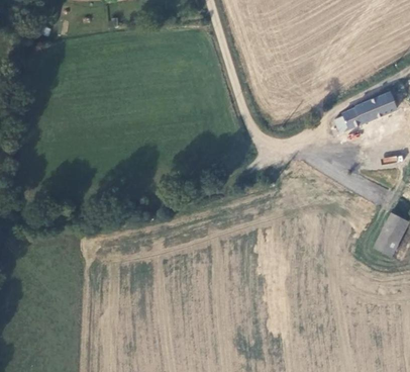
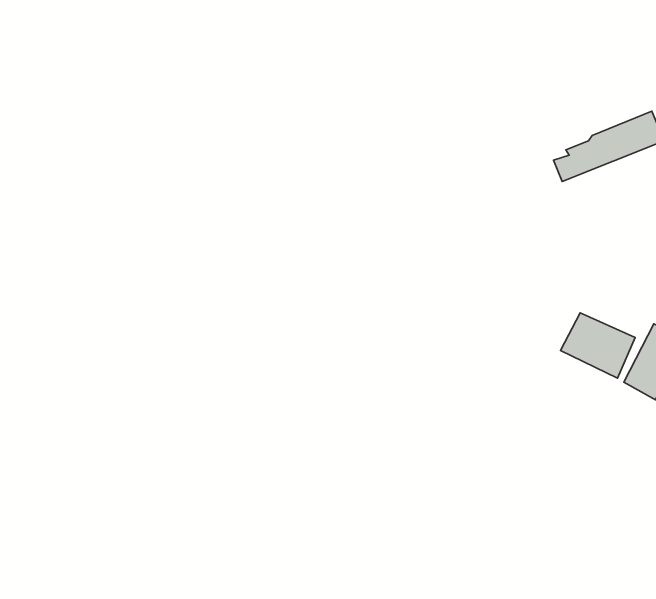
building: none -> [561,313,635,378]

